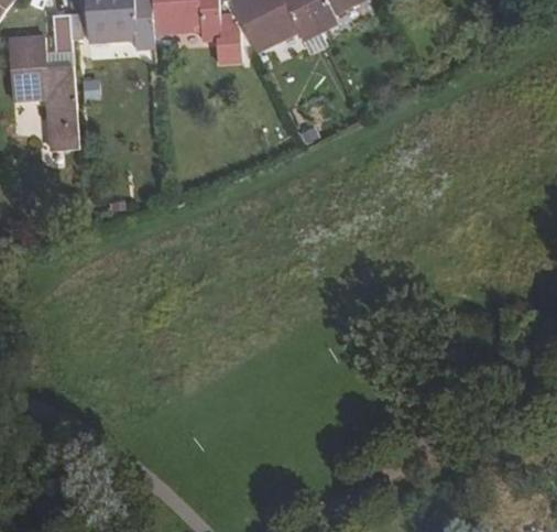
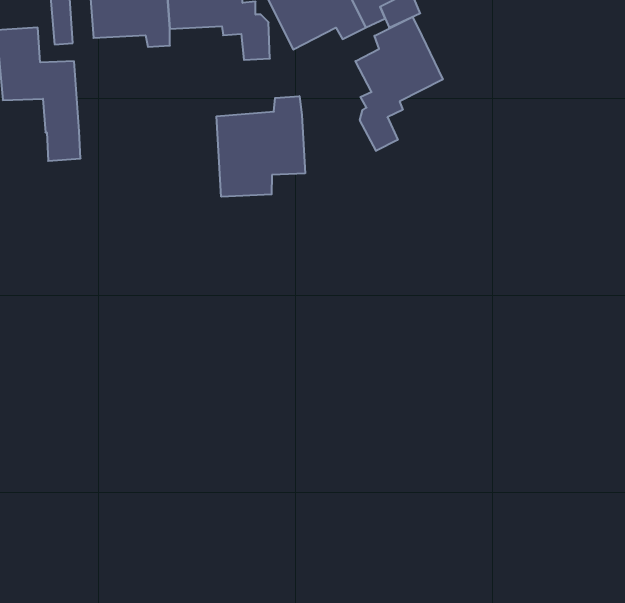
building: none -> [355,17,443,151]
building: none -> [217,96,305,197]

